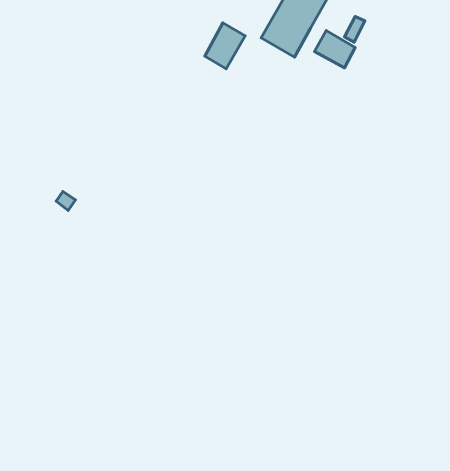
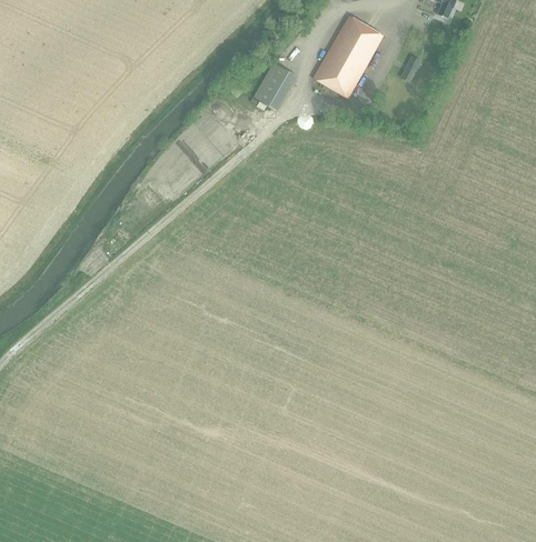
building: [315,31,355,68] -> none

